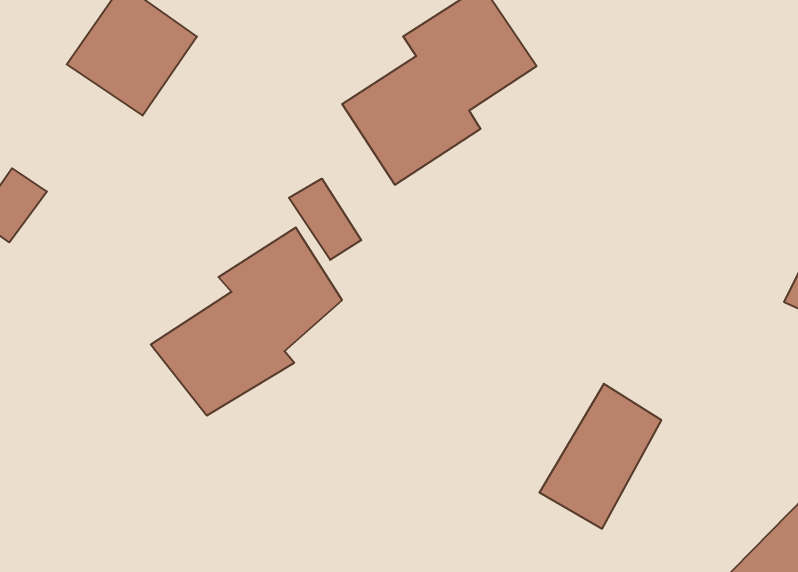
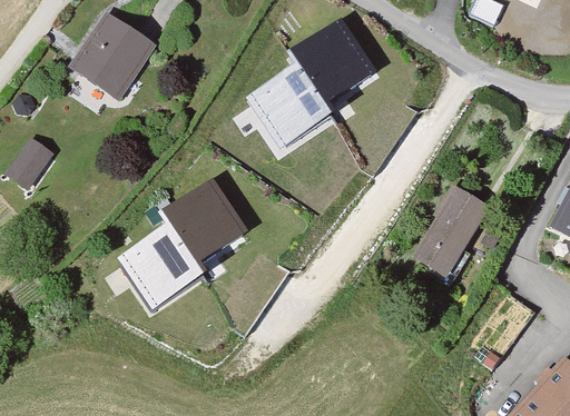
building: [289,179,361,260] -> none
building: [539,384,661,529] -> [409,184,491,281]

